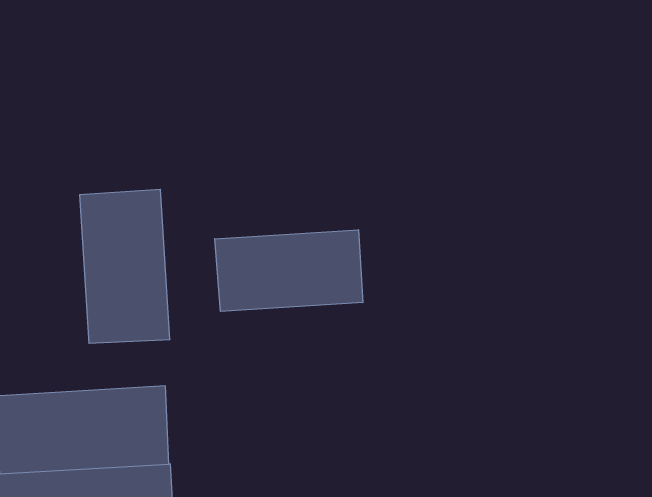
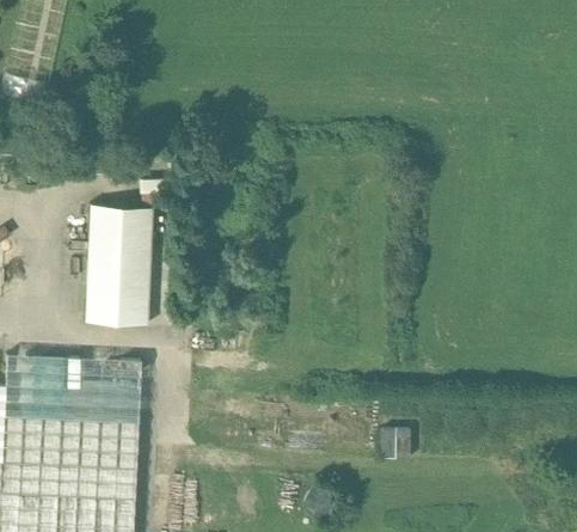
building: [215,230,363,311] -> none
building: none -> [381,428,411,457]

